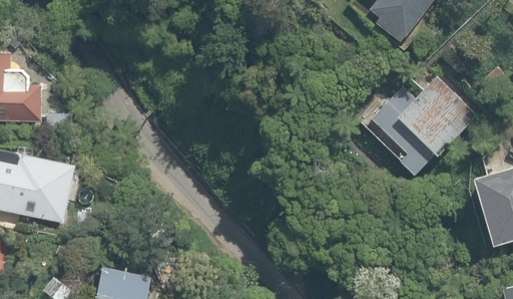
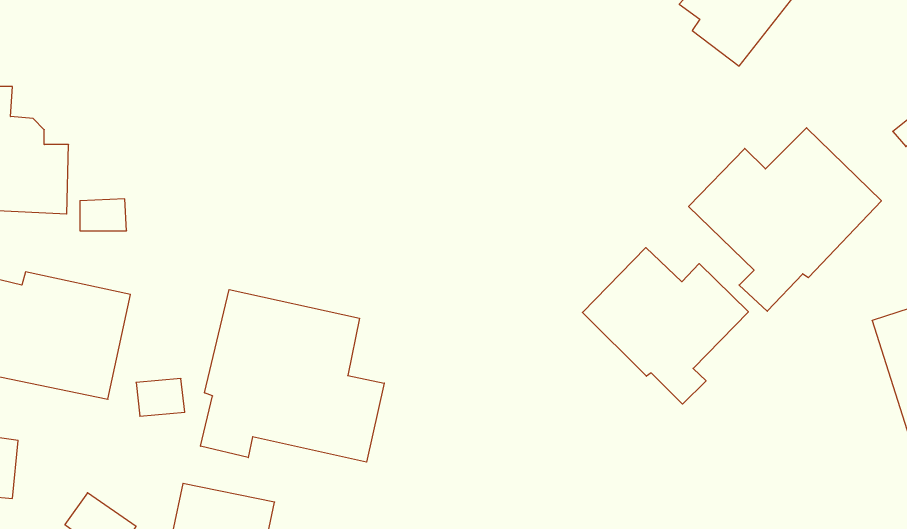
building: none -> [582,248,748,404]
building: none -> [201,290,384,462]

